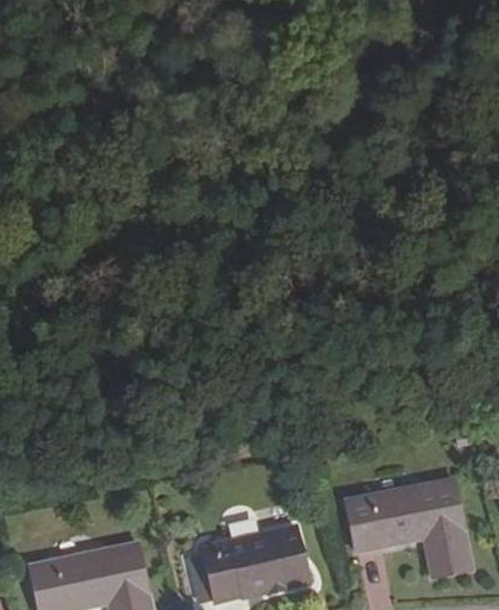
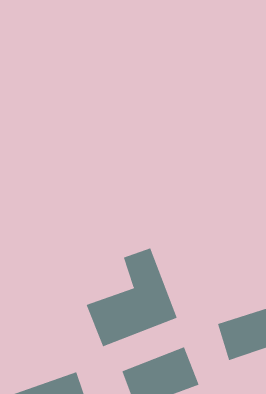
building: none -> [86,247,177,347]

